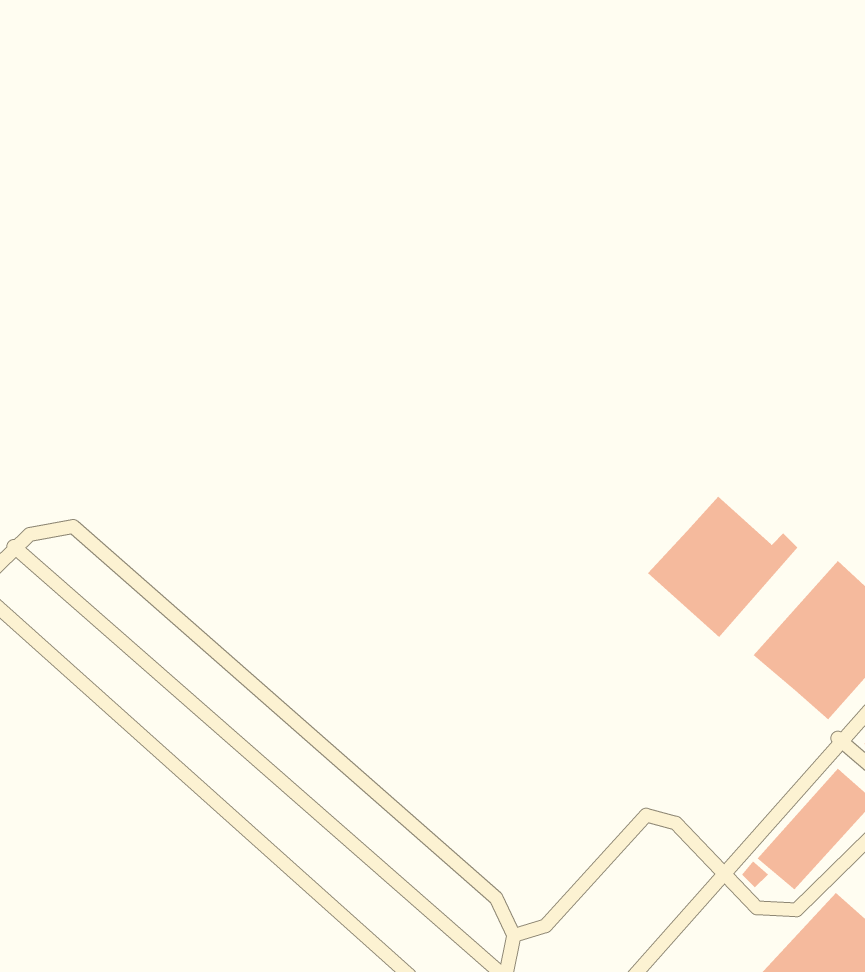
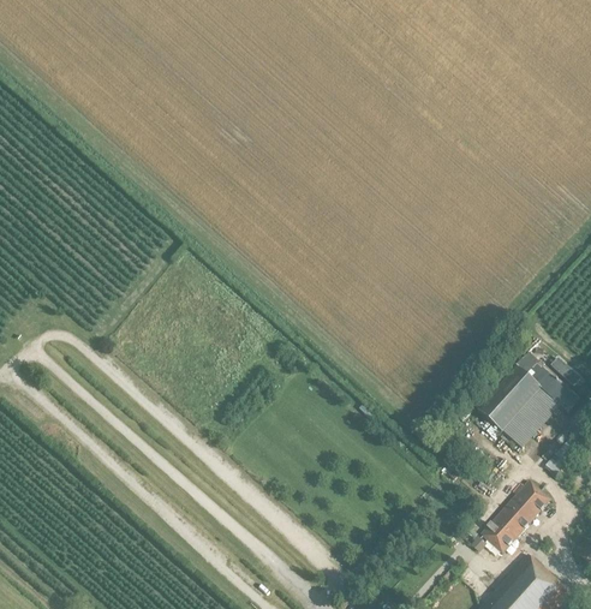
building: [647,496,798,638] -> none

